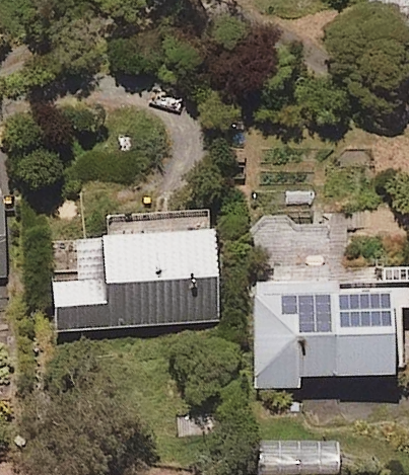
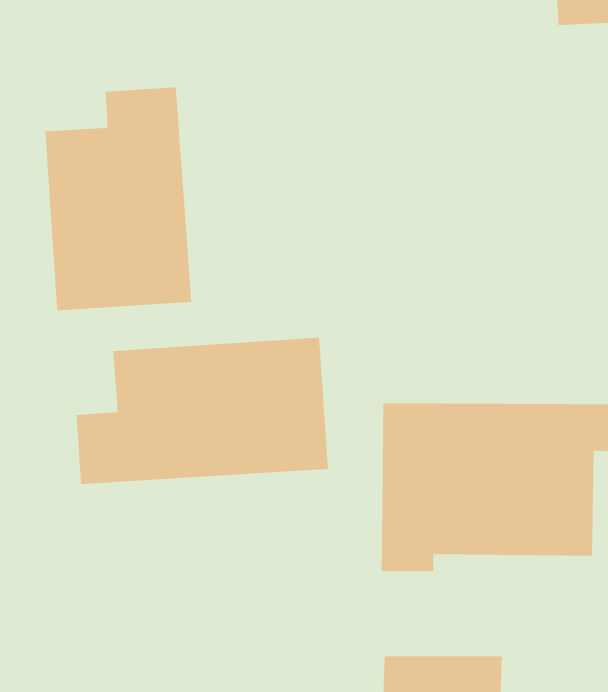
building: none -> [44,86,192,311]

